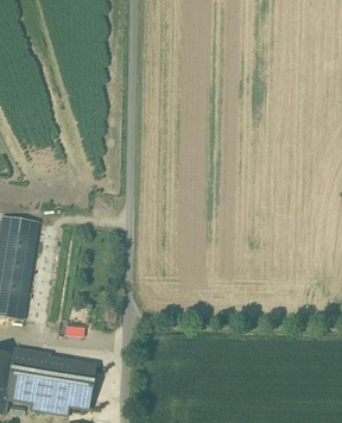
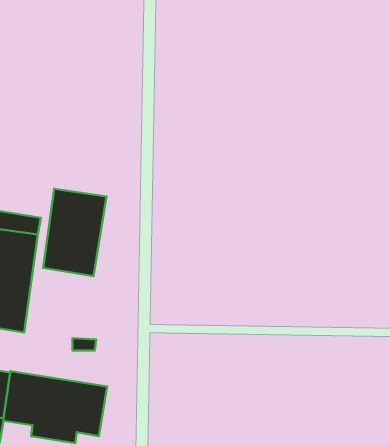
building: none -> [43,189,106,276]

